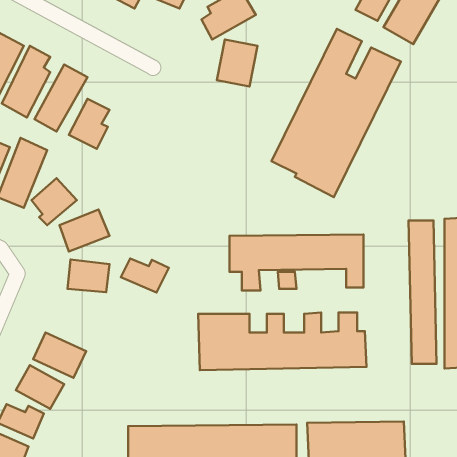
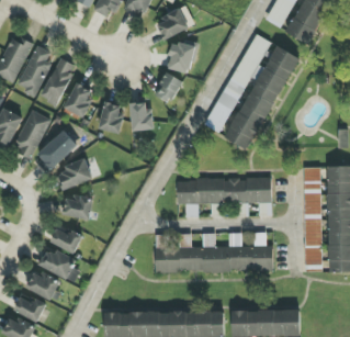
building: none -> [155,72,183,103]
building: none -> [99,102,124,133]
building: none -> [129,102,154,132]
building: [121,258,169,293] -> [49,229,83,254]

